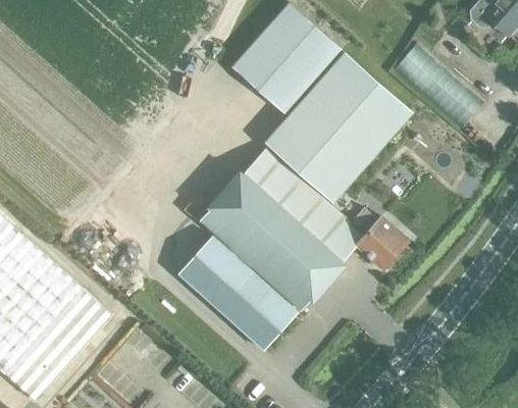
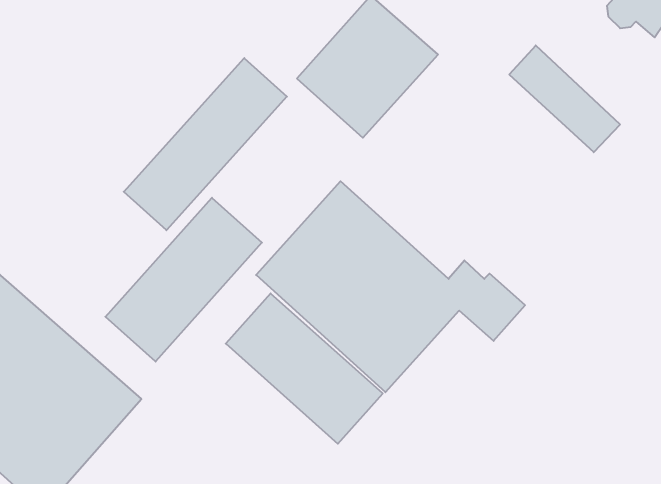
building: [264,51,412,202] -> none
building: none -> [124,58,287,230]
building: none -> [105,198,262,362]

